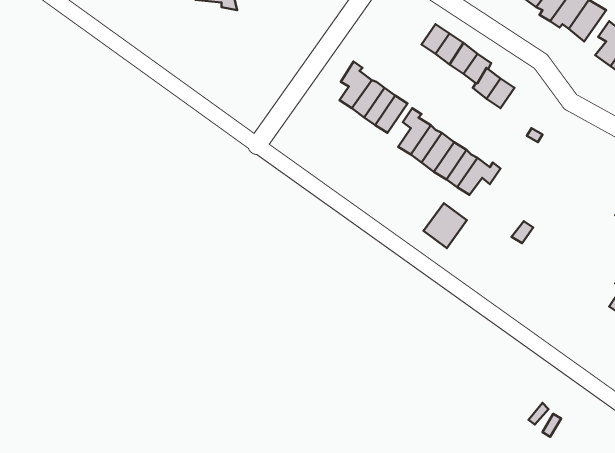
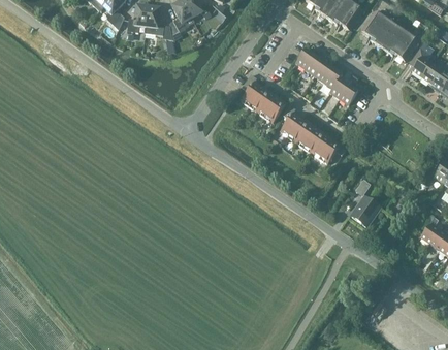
building: [424,203,467,248] -> [352,196,381,226]

